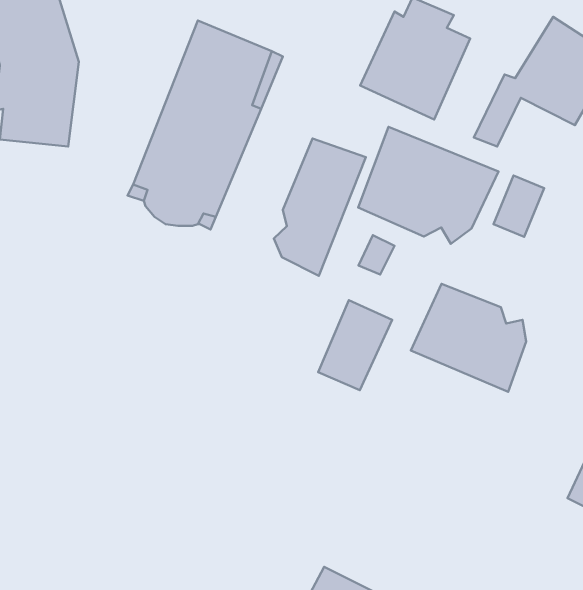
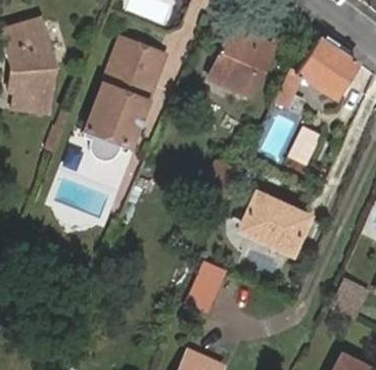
building: [358,127,498,244] -> none
building: [274,139,366,276] -> none
building: [318,300,392,390] -> [188,257,230,308]

